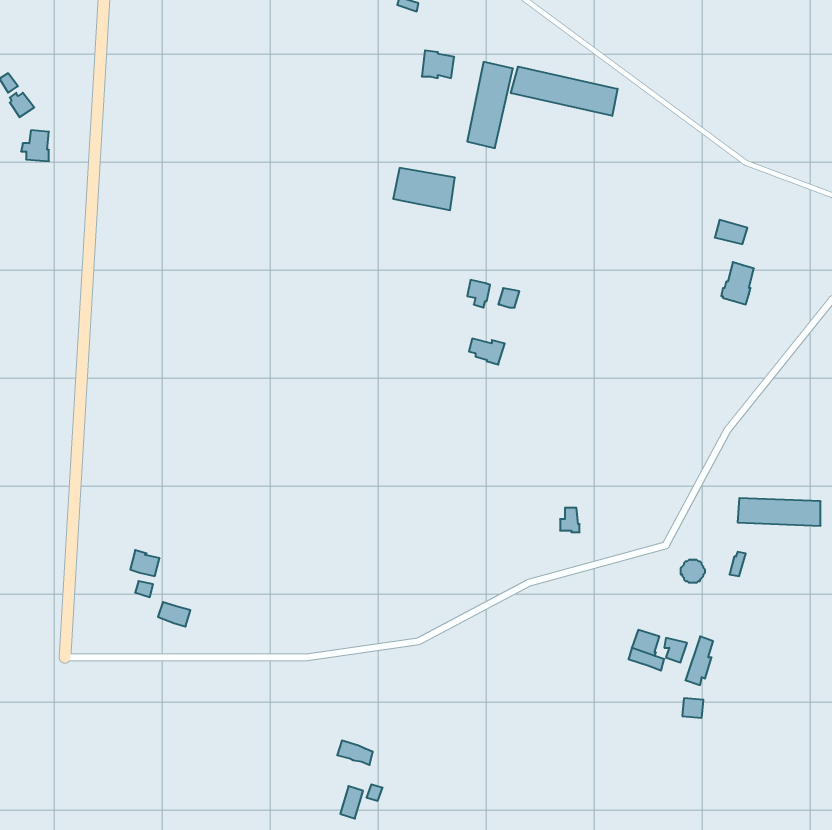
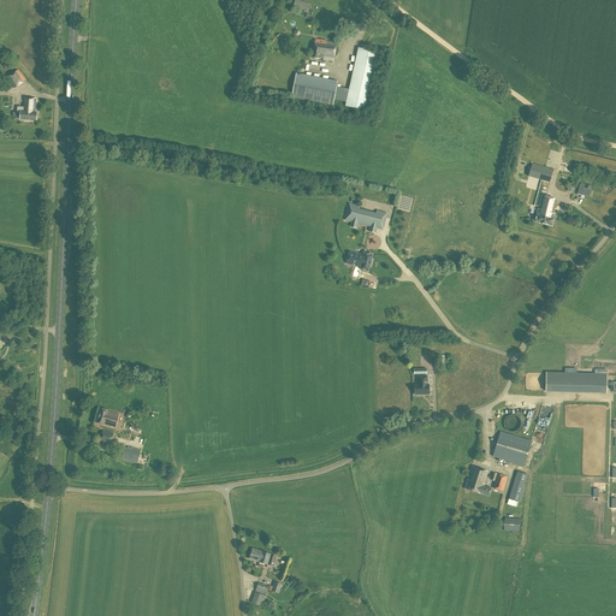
building: [511,67,618,116] -> none
building: [393,168,455,210] -> [291,72,337,103]
building: none -> [492,431,531,464]

